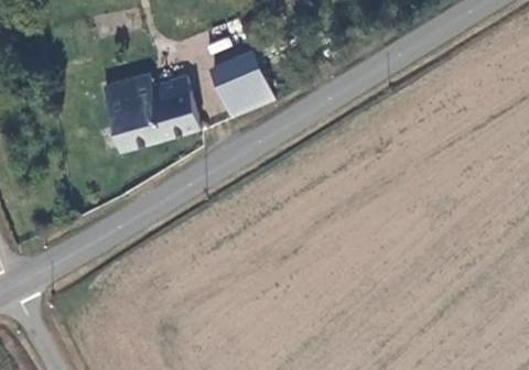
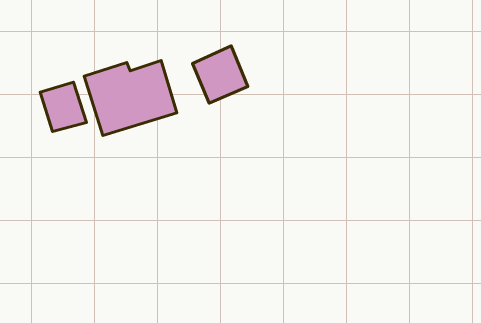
building: none -> [40,82,86,132]

